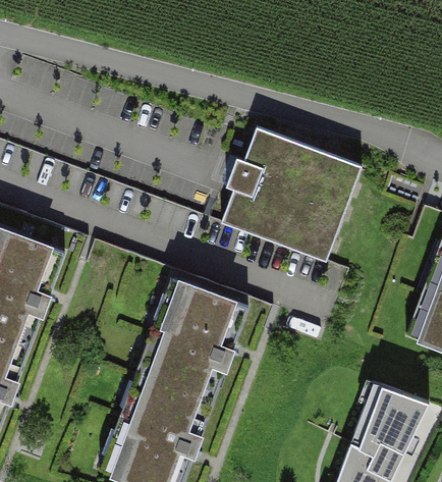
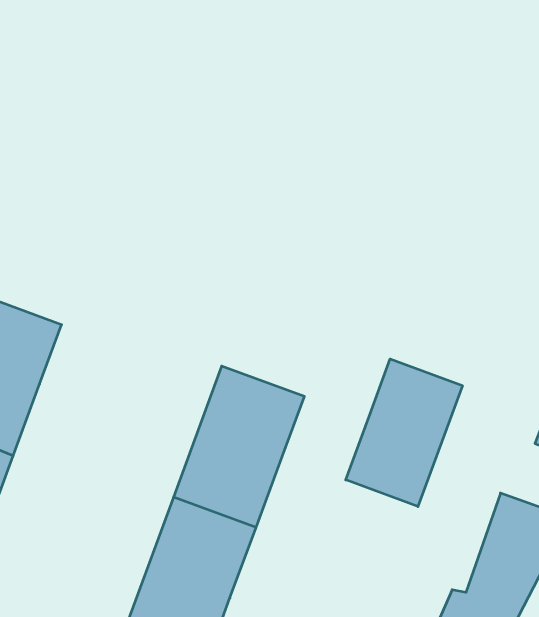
building: [221,126,368,266] -> none
building: none -> [346,359,462,507]

